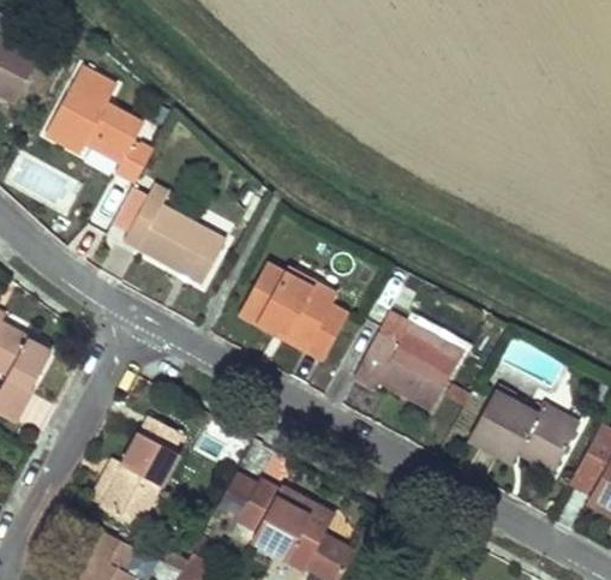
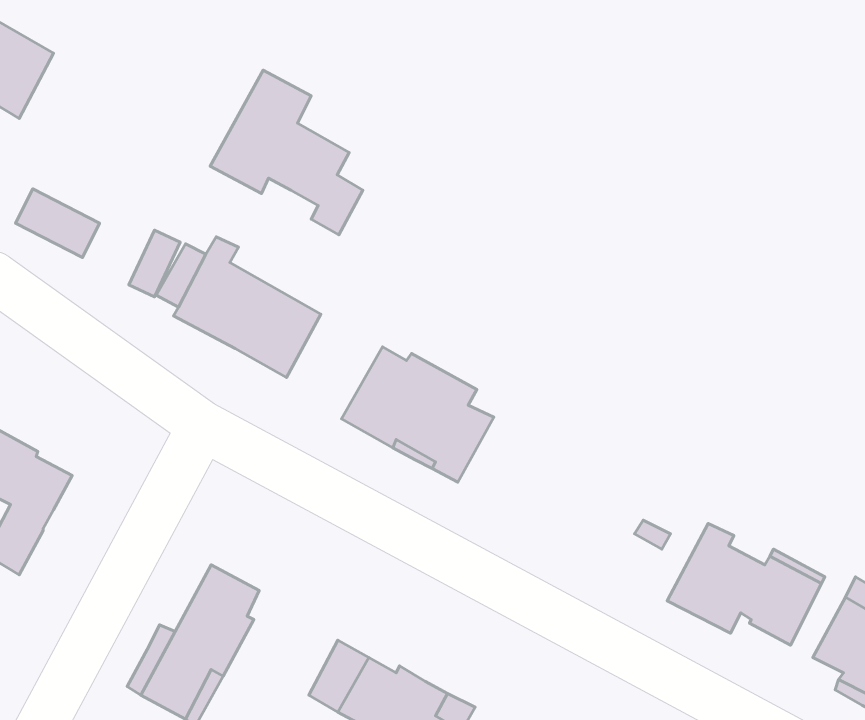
building: [46,66,152,181] -> [210,70,363,235]
building: [354,295,466,409] -> none

